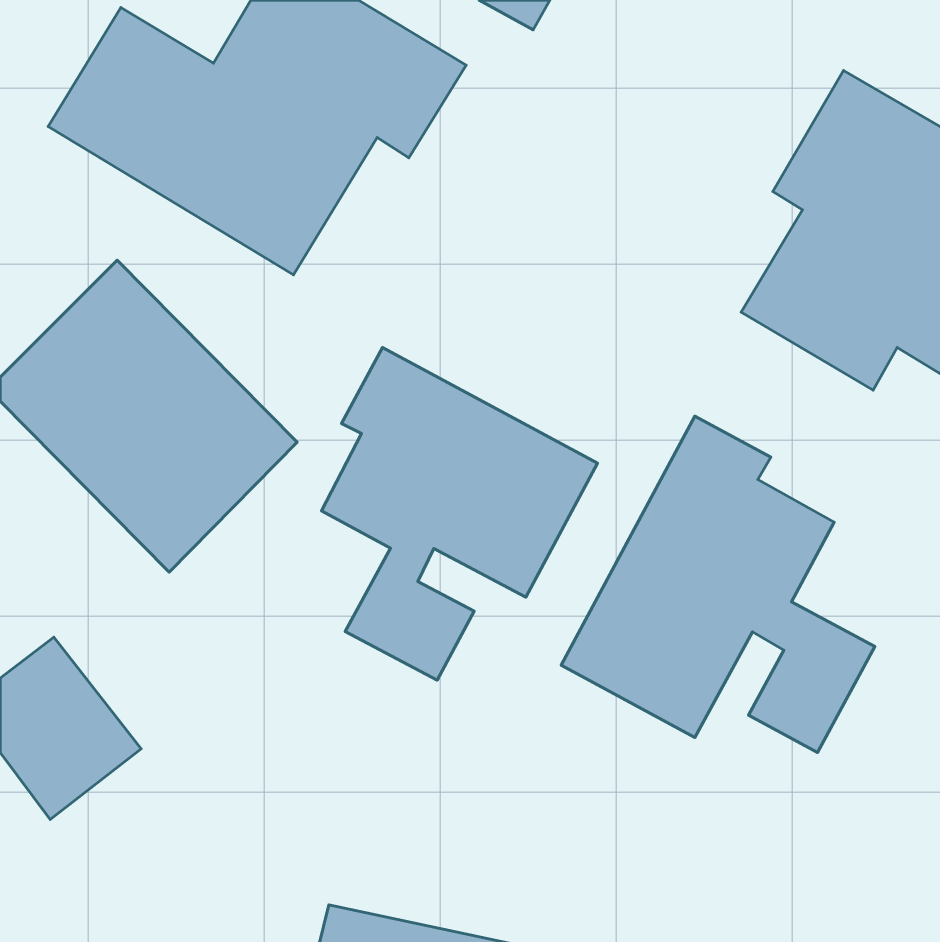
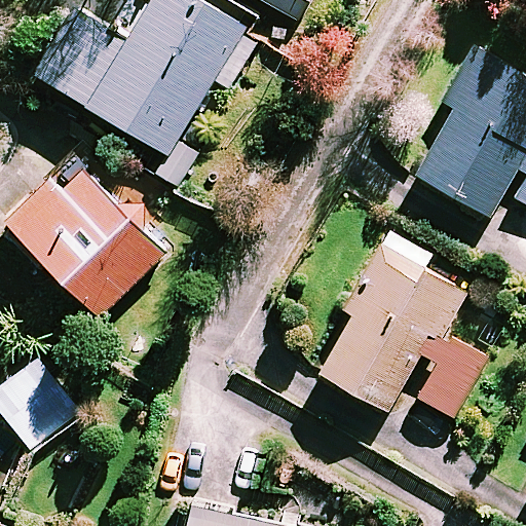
building: [322,347,598,680] -> none

